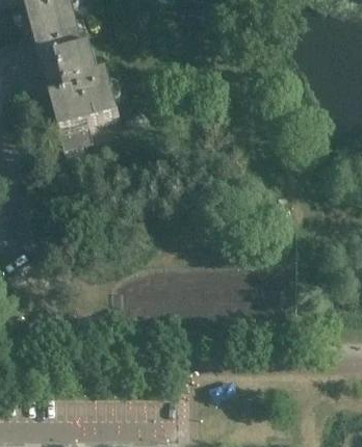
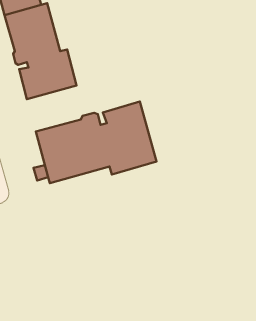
building: none -> [36,102,156,183]

